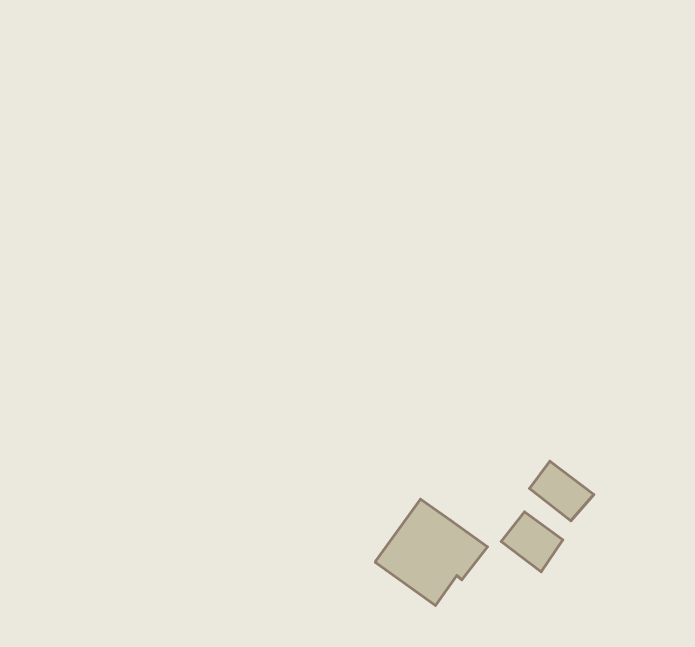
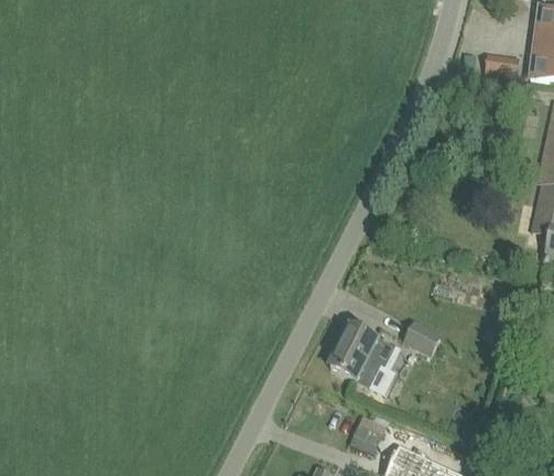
building: [530,461,594,521] -> none

